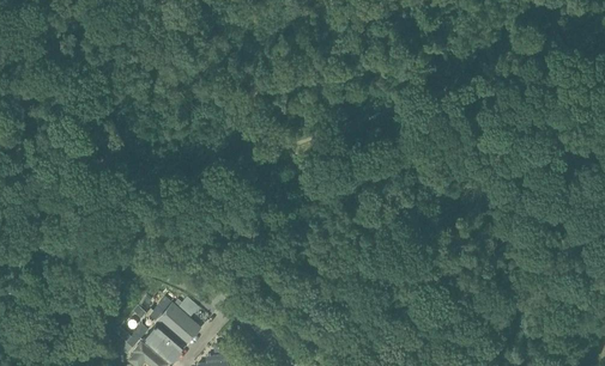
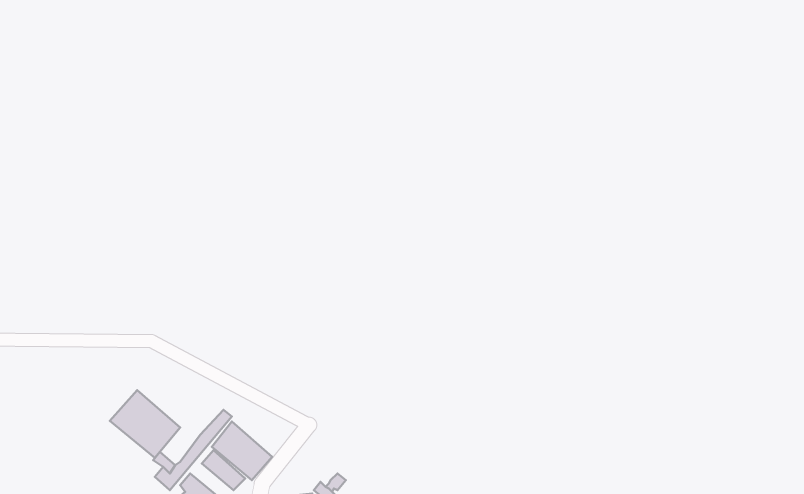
building: none -> [110,390,180,458]

